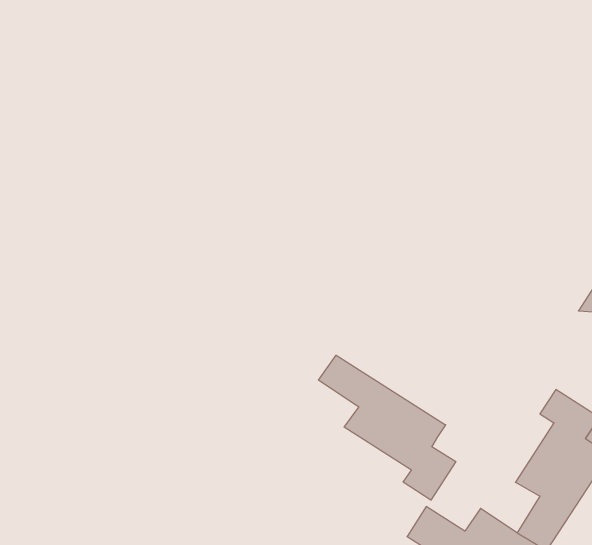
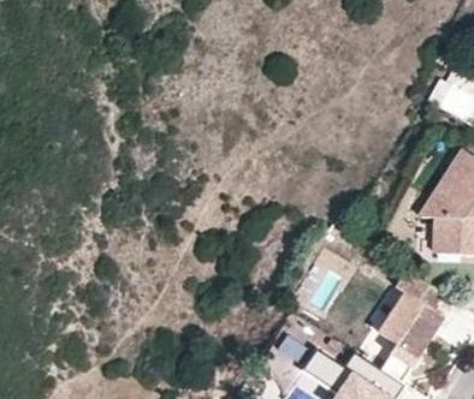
building: [318,355,456,500] -> none

